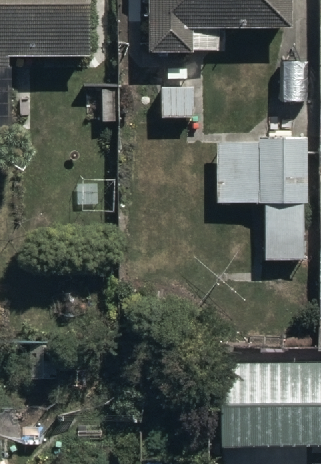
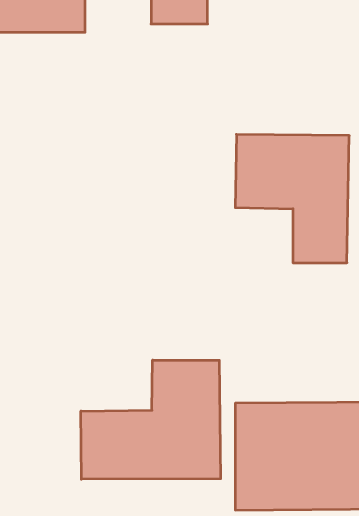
building: none -> [81,360,221,479]

